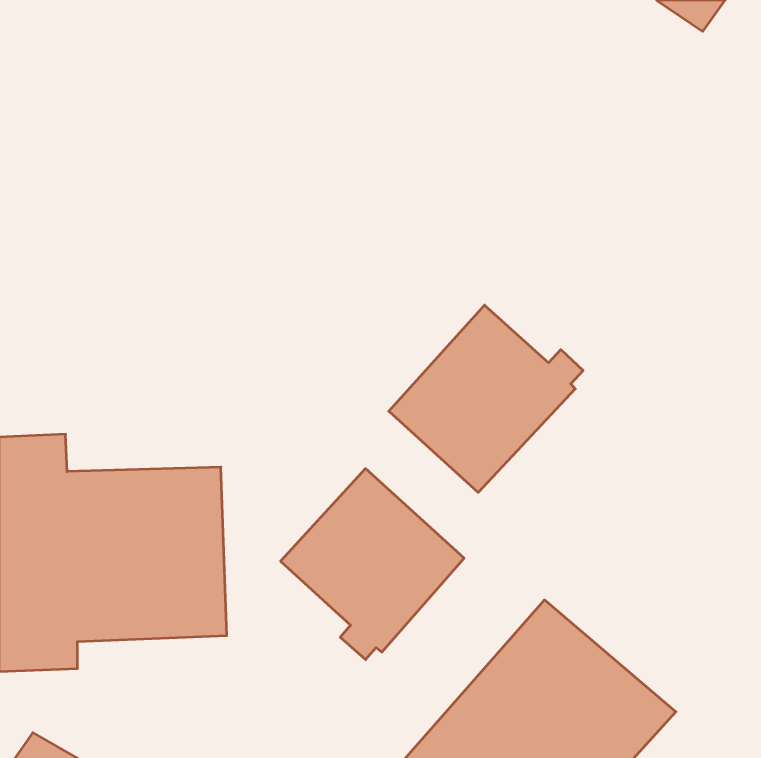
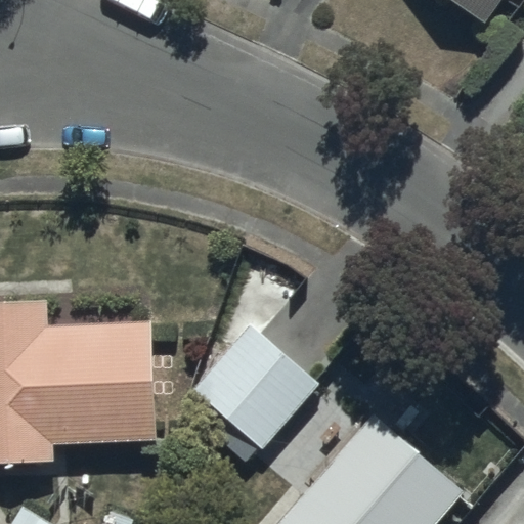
building: [389,305,583,492] -> none

